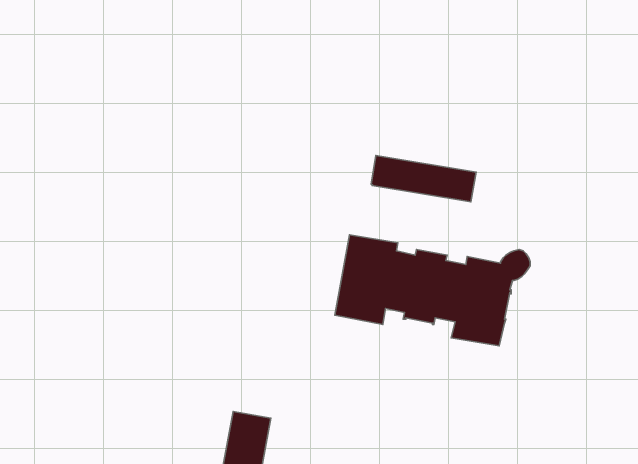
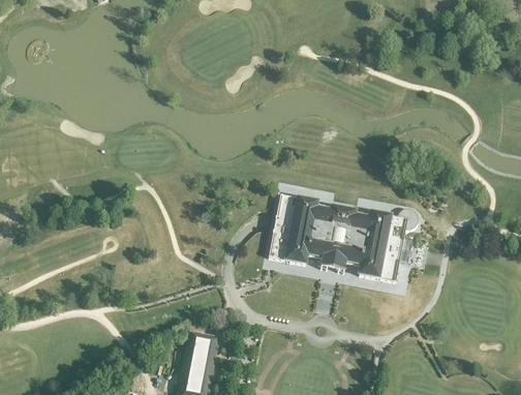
building: [371,155,476,202] -> none

